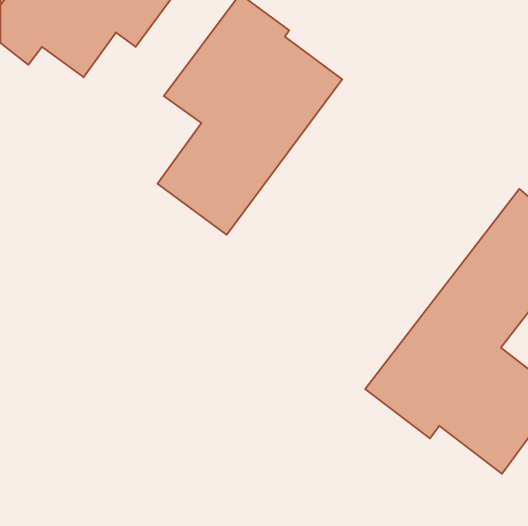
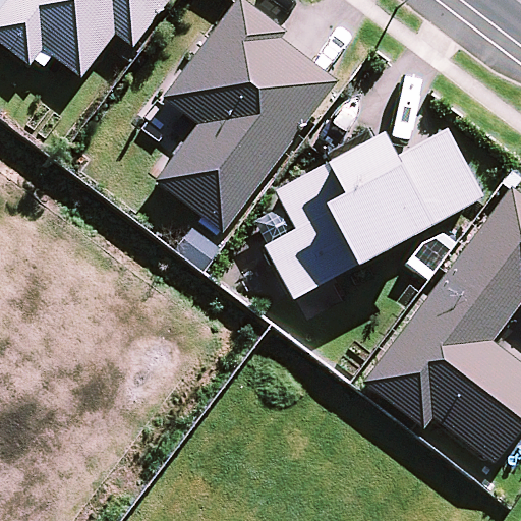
building: none -> [265,127,482,297]

